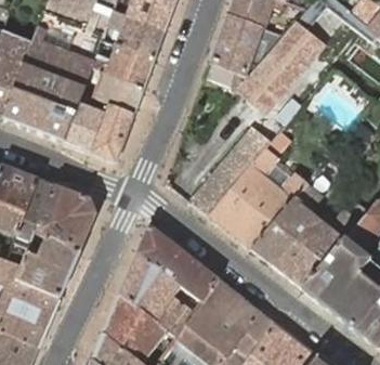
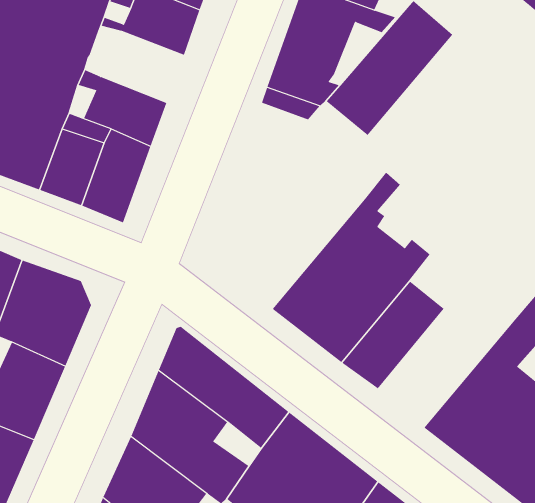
building: [92,39,154,87] -> none
building: [191,116,278,214] -> none
building: [274,209,358,288] -> none

